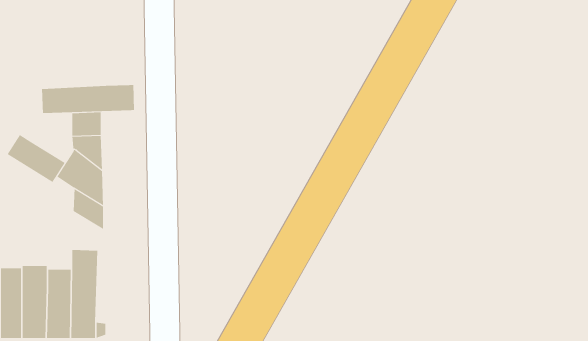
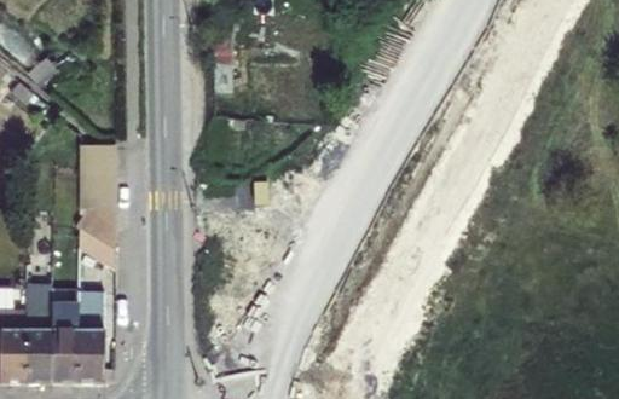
building: [42,84,135,114] -> none
building: [7,134,66,183] -> none

